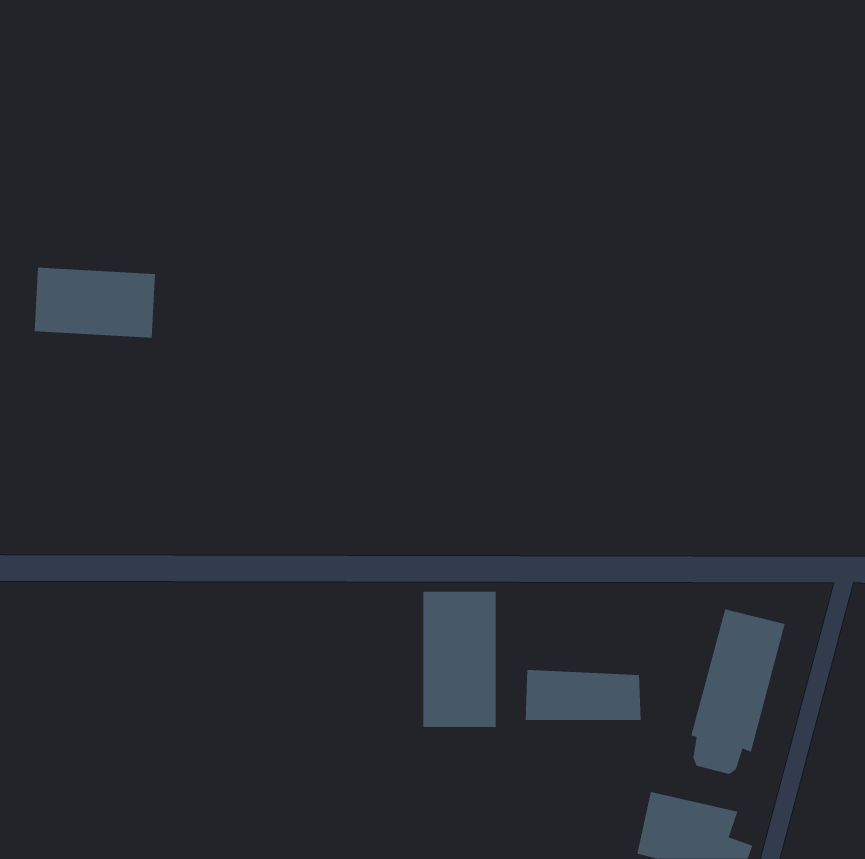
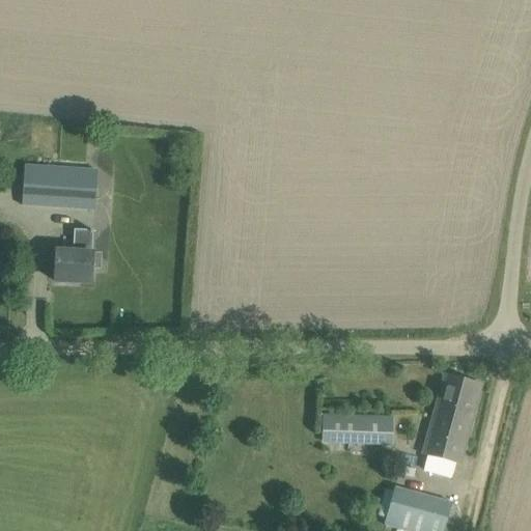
building: none -> [54,228,93,281]
building: [423,591,496,728] -> none

